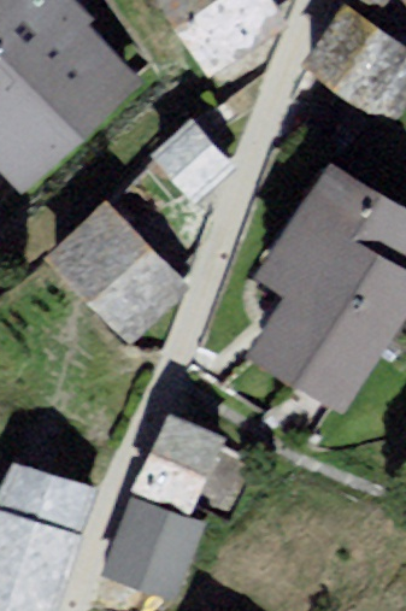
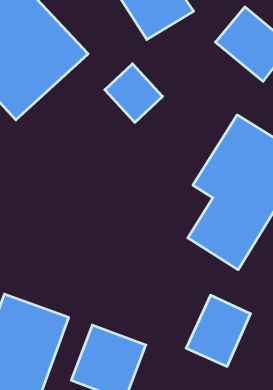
building: [65,229,180,345] -> none
building: [136,401,229,504] -> [186,295,251,366]

